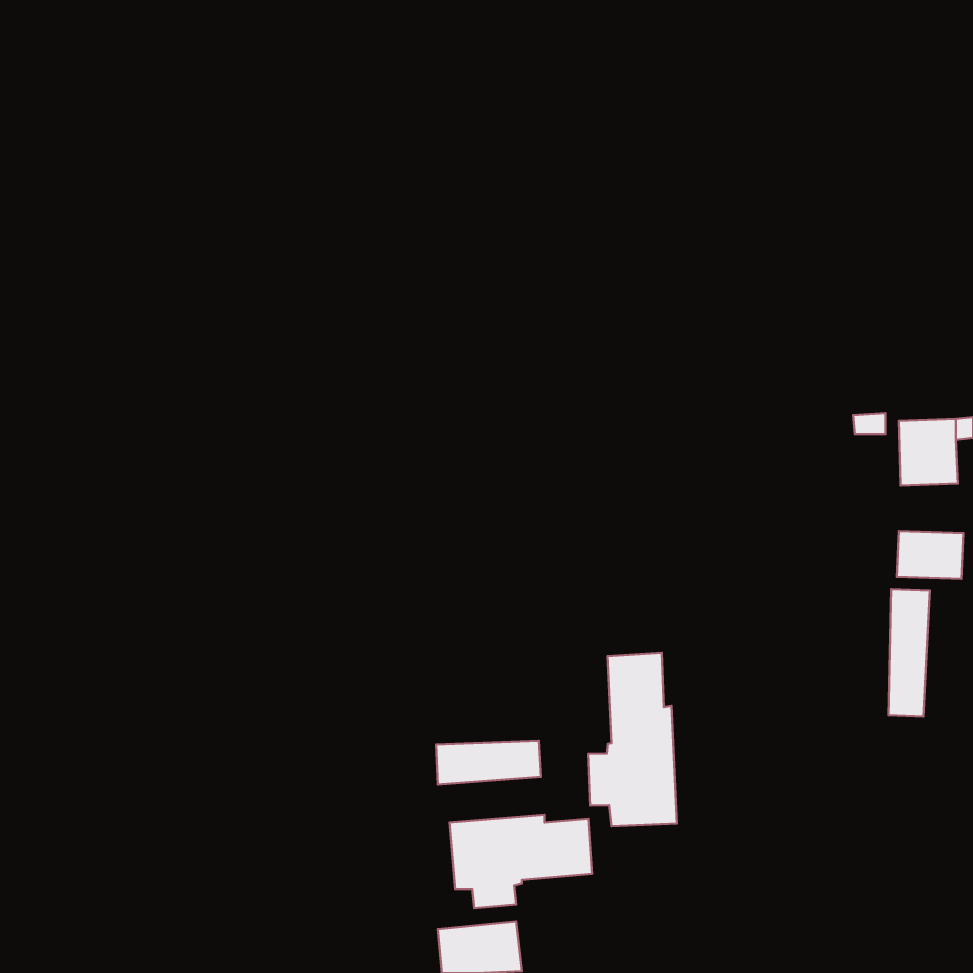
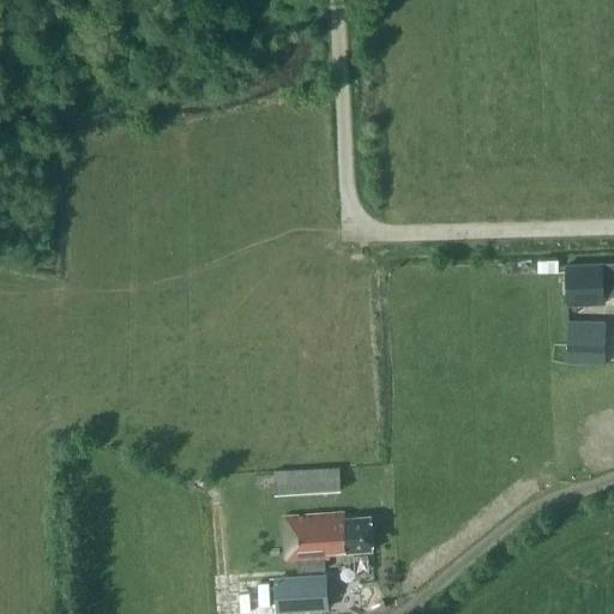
building: [888,589,930,717] -> none
building: [588,653,677,826] -> none

